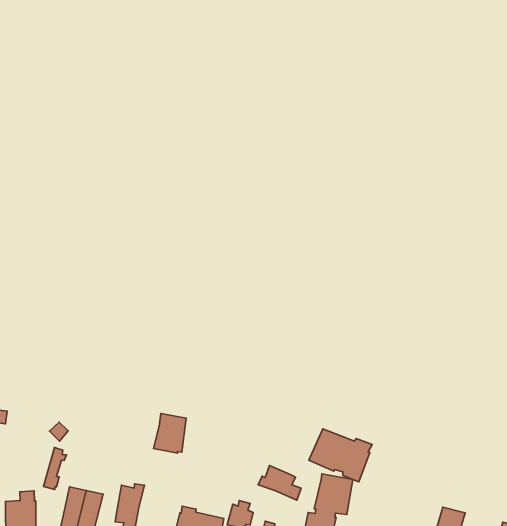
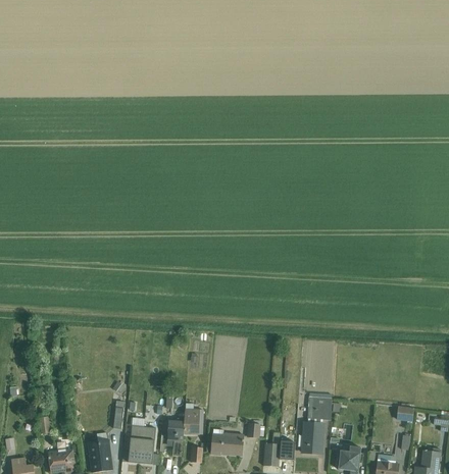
building: [153,414,186,453] -> [183,409,203,435]
building: [309,429,372,482] -> none
building: [258,466,301,500] -> none

